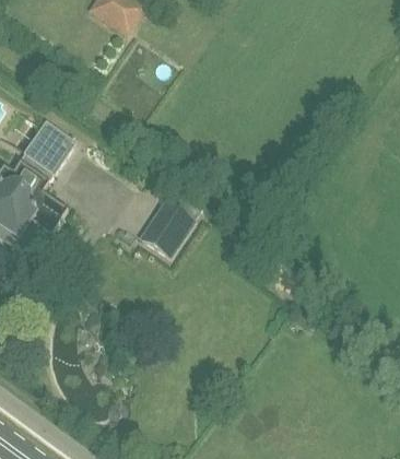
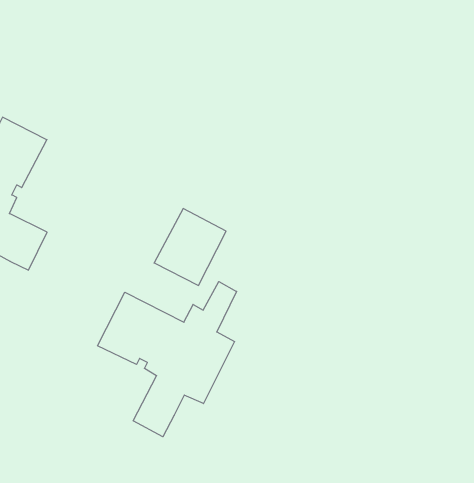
building: none -> [98,282,237,437]

